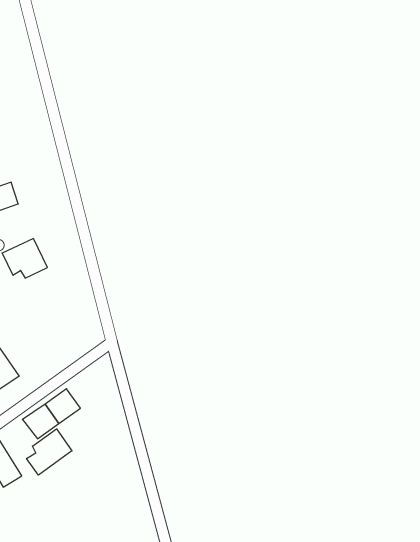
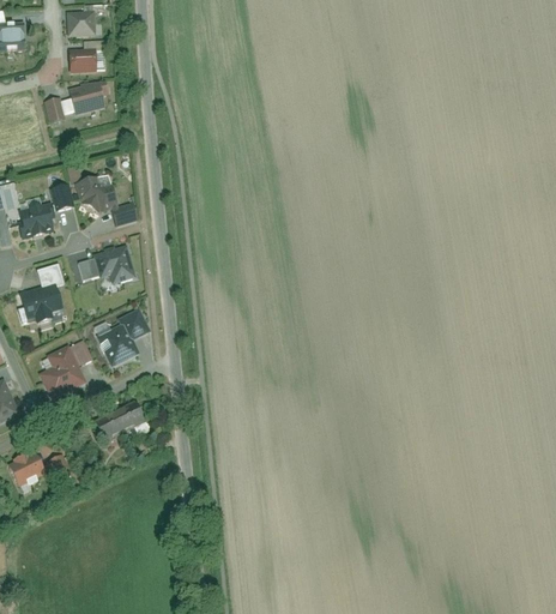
building: none -> [92,309,145,366]
building: [27,429,72,475] -> none

